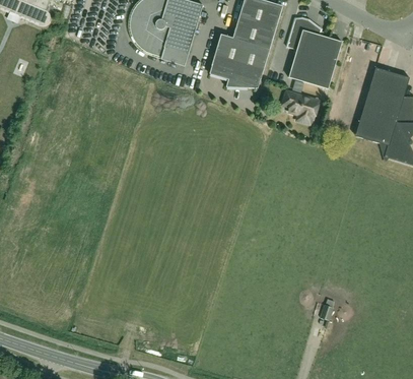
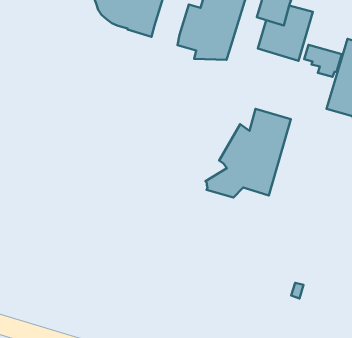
building: [282,91,319,123] -> [304,45,342,77]
building: none -> [206,109,291,197]

